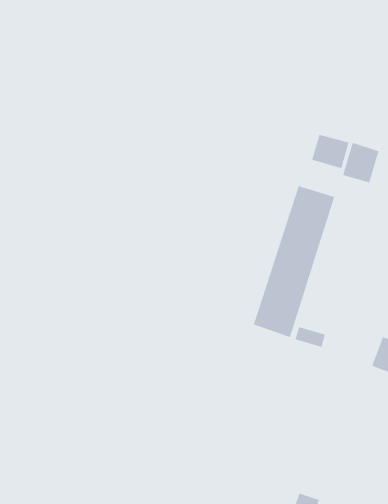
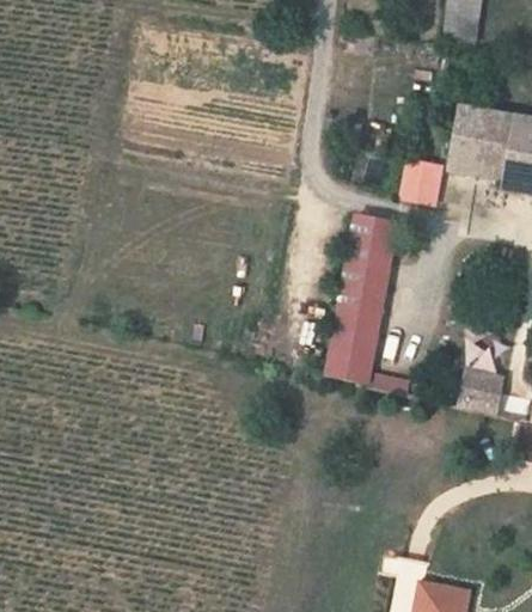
building: [311,134,350,169] -> none

